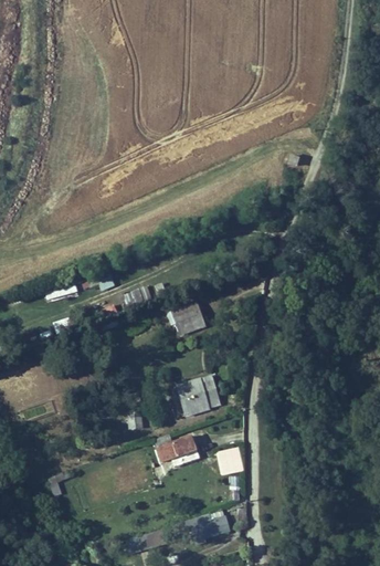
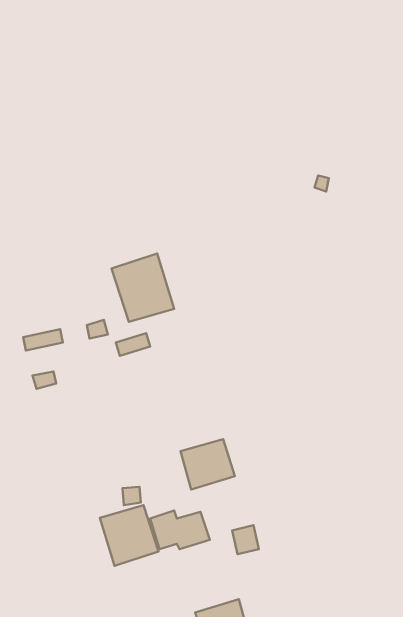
building: none -> [111,253,174,322]
building: [166,301,207,337] -> none
building: none -> [100,505,159,566]

